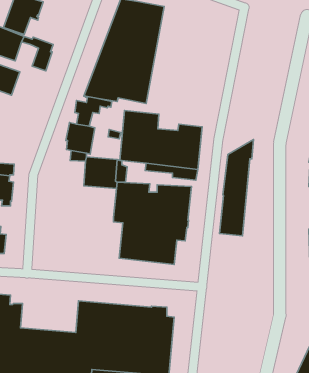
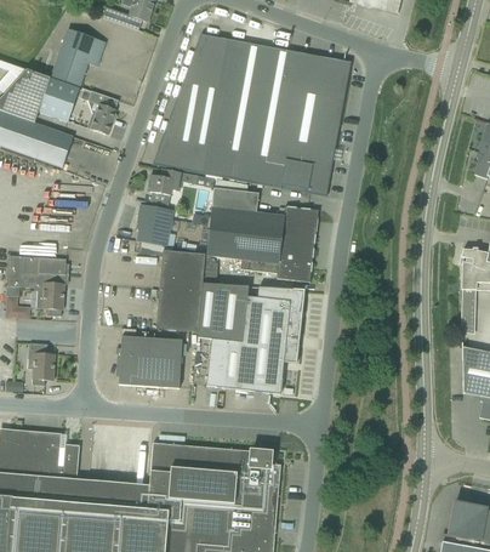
building: none -> [243,49,346,193]
building: [219,139,254,236] -> none
building: none -> [155,289,203,331]
building: none -> [115,336,182,388]

